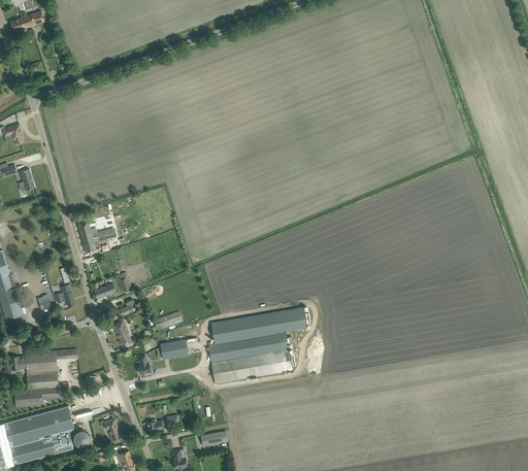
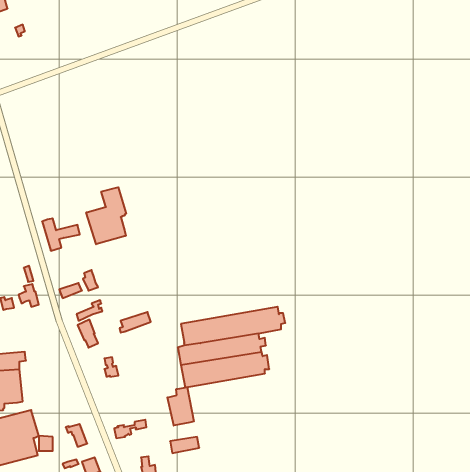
building: none -> [86,187,126,244]
building: [160,339,188,359] -> none
building: none -> [167,387,194,426]

